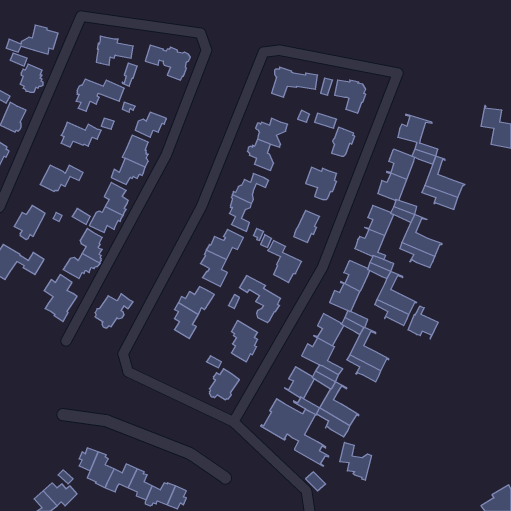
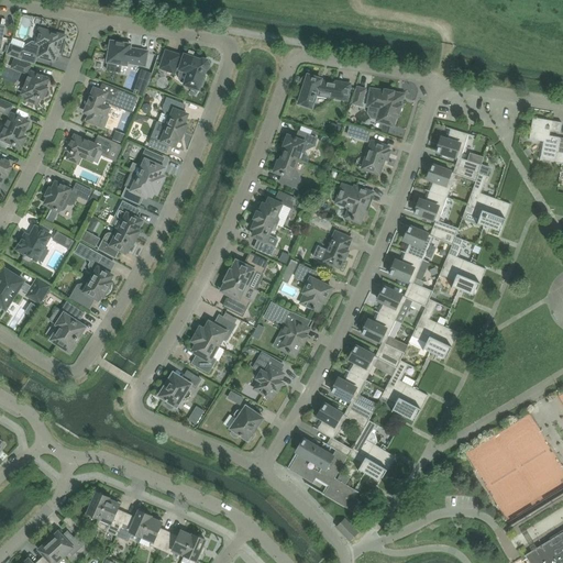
building: none -> [163,97,187,130]
building: [95,294,133,328] -> [158,369,200,407]
building: [408,306,438,339] -> none
building: [340,442,371,480] -> none

